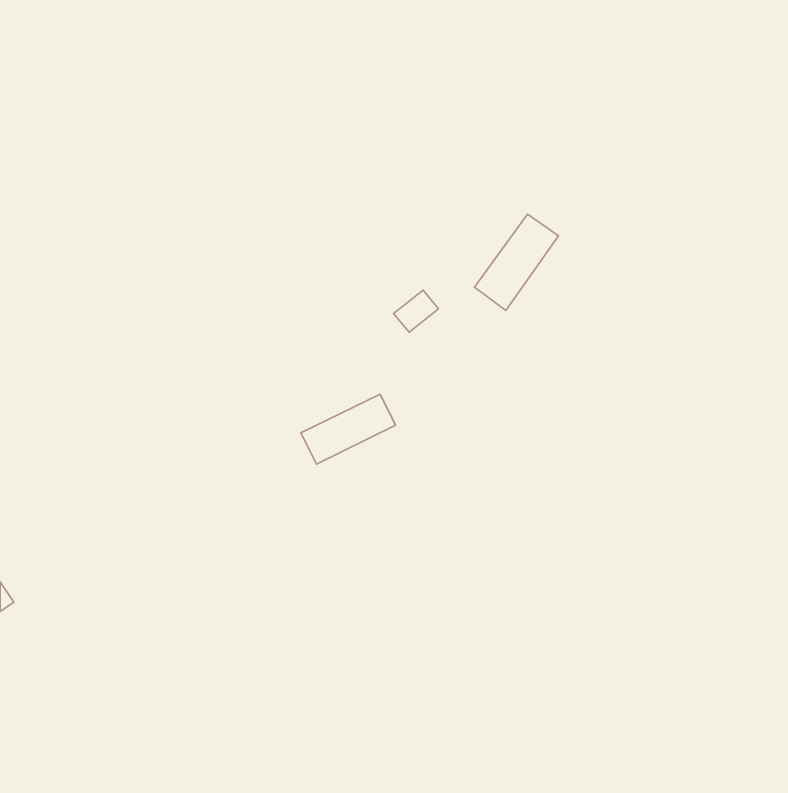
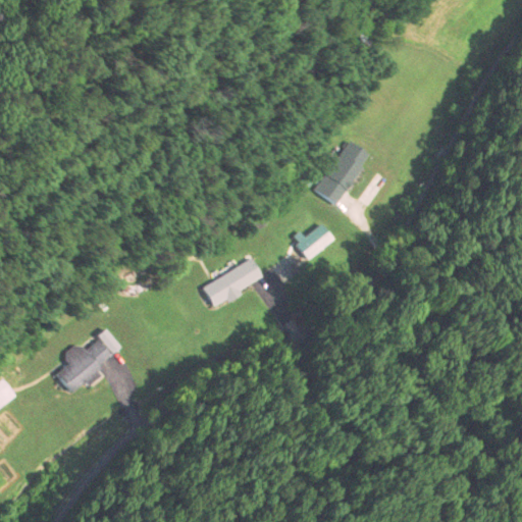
building: [394,290,439,332] -> [298,229,327,257]
building: none -> [57,340,111,393]

